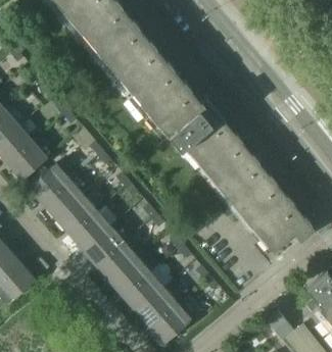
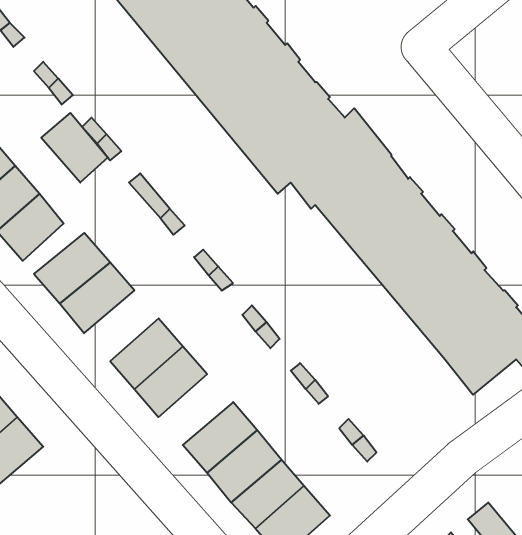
building: none -> [41,113,108,183]
building: [57,195,98,234] -> none
building: [98,241,139,280] -> none

